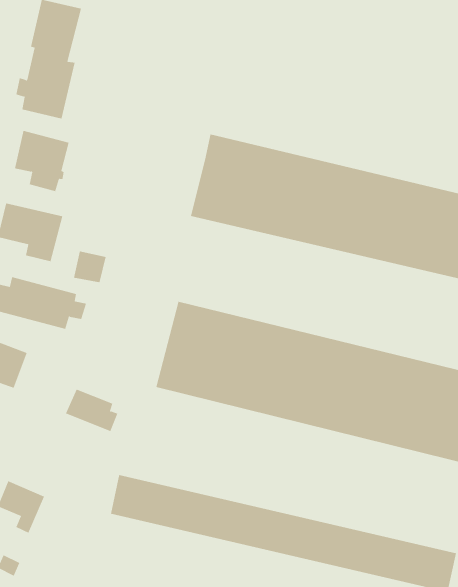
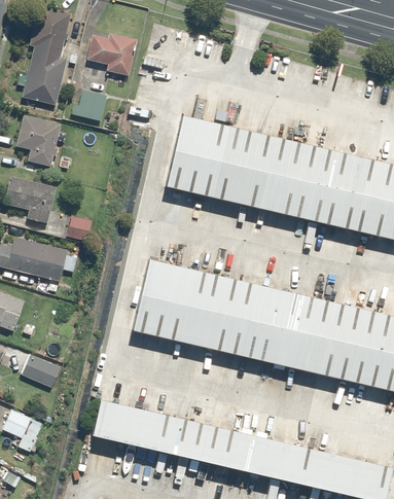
building: none -> [88,33,136,75]
building: none -> [71,88,108,120]
building: [65,389,118,432] -> [22,355,66,391]

